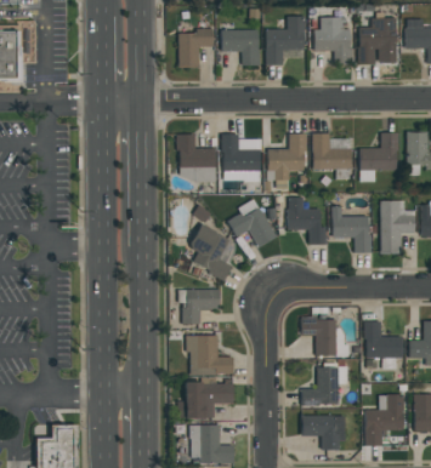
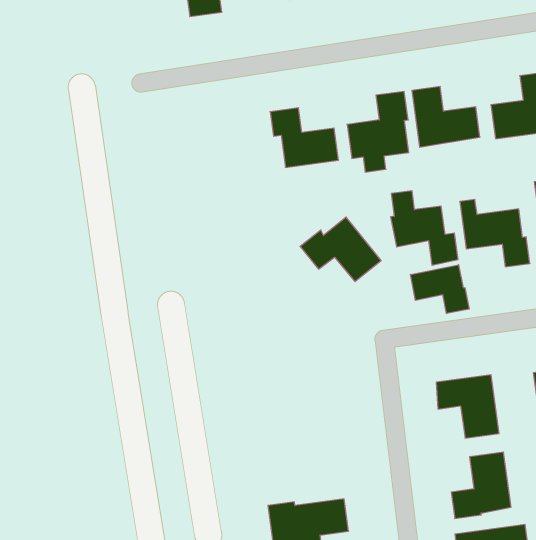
building: [177,135,216,167] -> none
building: [189,223,233,281] -> none
building: none -> [410,265,469,314]
building: [183,289,220,324] -> none
building: [187,335,234,375] -> none

